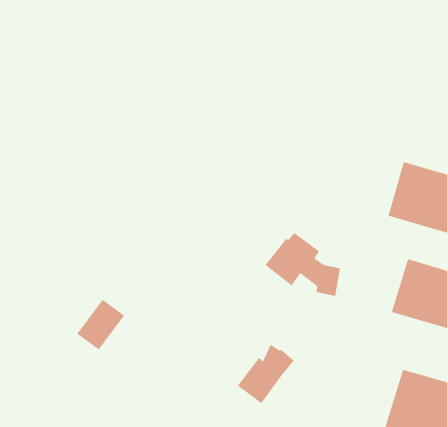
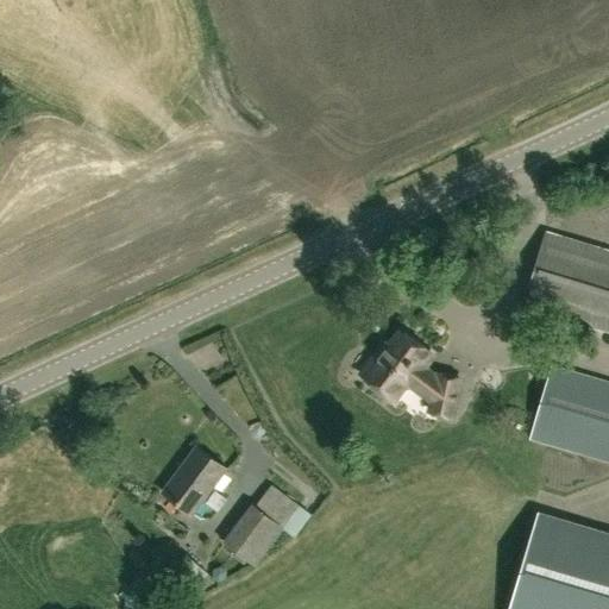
building: [76,299,125,351] -> [162,445,228,515]
building: [237,344,295,404] -> [222,484,301,566]

